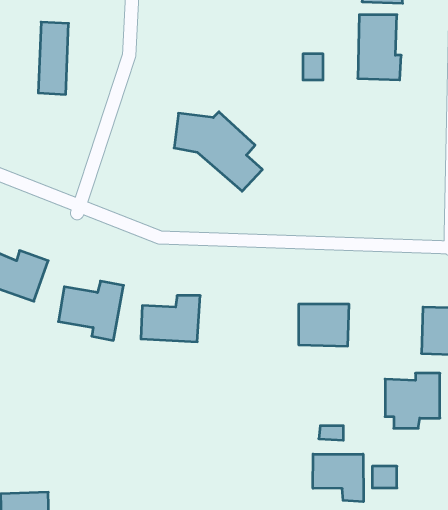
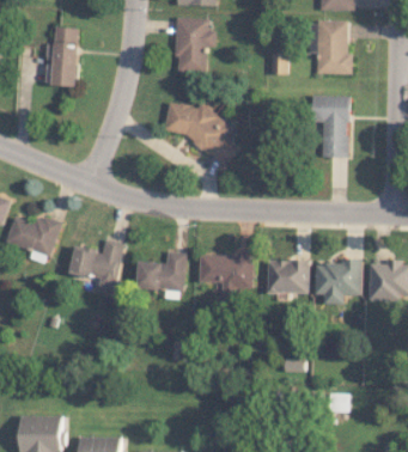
building: none -> [173,17,214,73]
building: none -> [312,94,348,157]
building: none -> [199,255,252,299]
building: [385,373,440,428] -> [316,258,361,304]
building: [313,454,363,502] -> none

